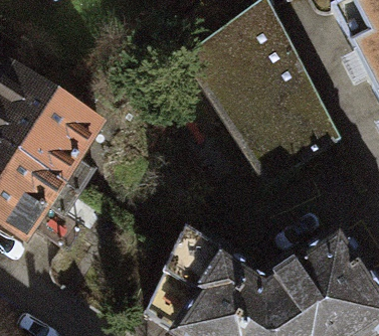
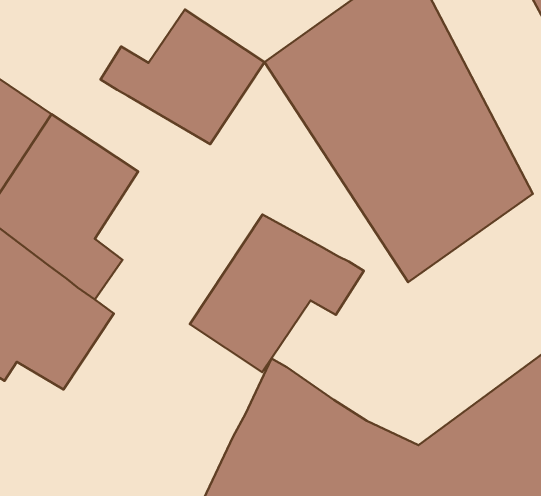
building: none -> [101,10,264,144]
building: none -> [190,214,364,372]

